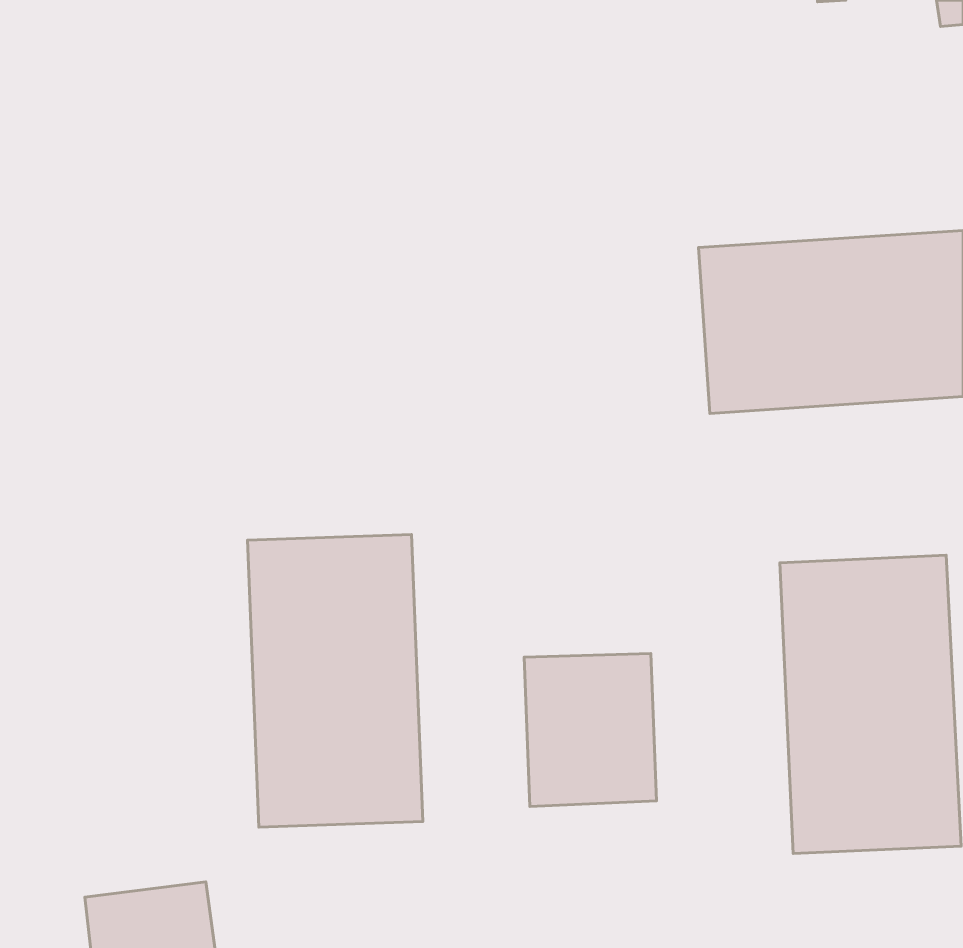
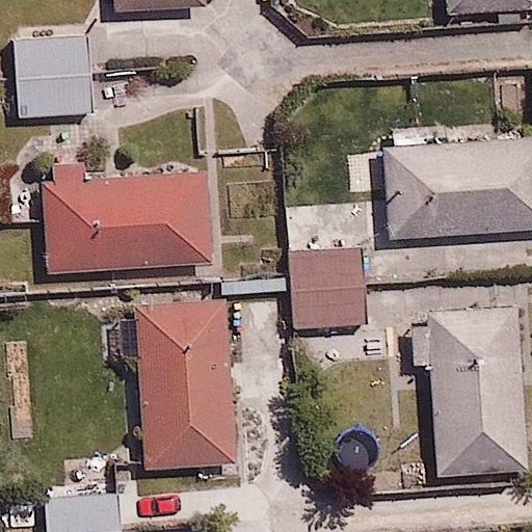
building: none -> [12,31,89,112]
building: none -> [46,175,210,270]
building: [524,653,656,806] -> [290,249,363,334]

